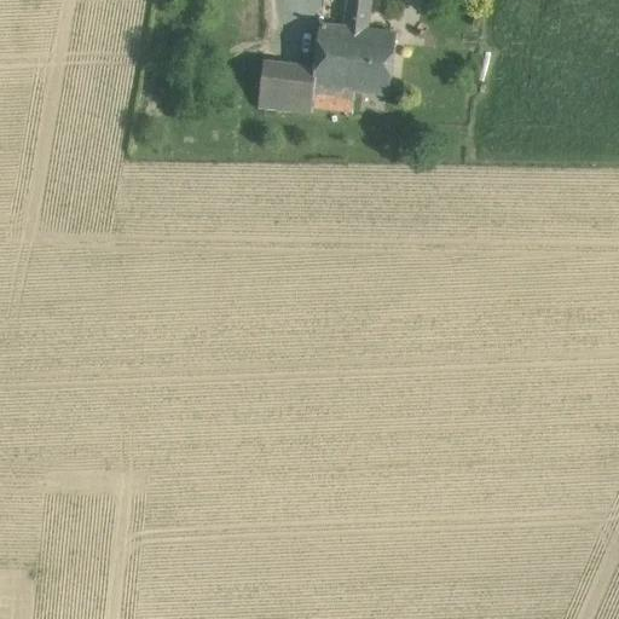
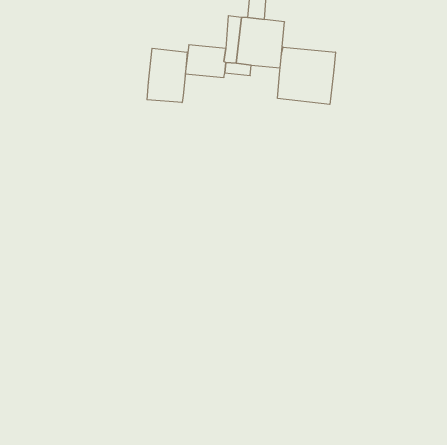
building: none -> [278,47,335,104]
building: none -> [147,48,187,103]

